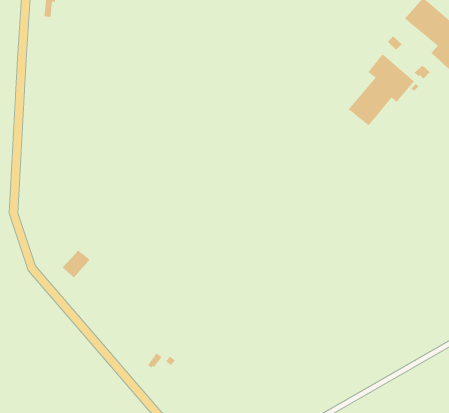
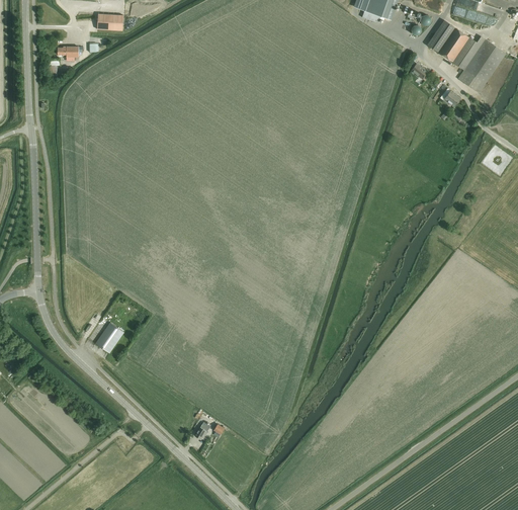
building: [348,54,415,126] -> none

